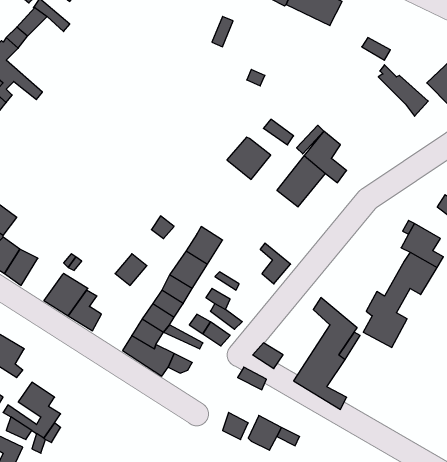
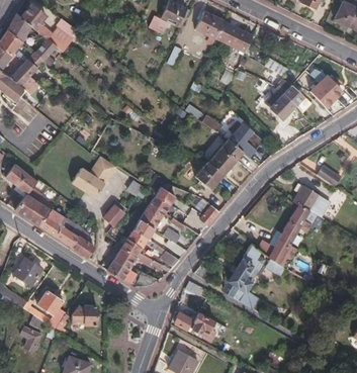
building: none -> [264,87,296,120]
building: [227,137,271,179] -> [195,162,225,190]
building: none -> [71,156,116,196]
building: none -> [39,208,67,237]
building: none -> [72,306,96,327]

